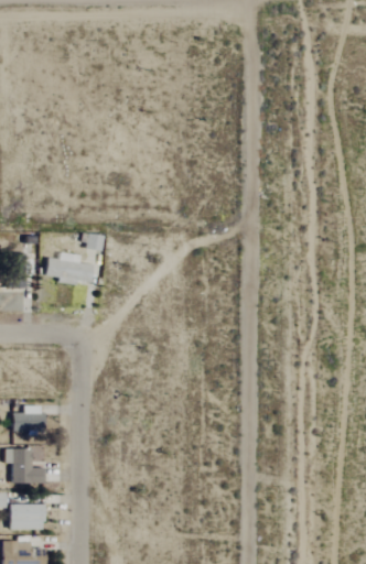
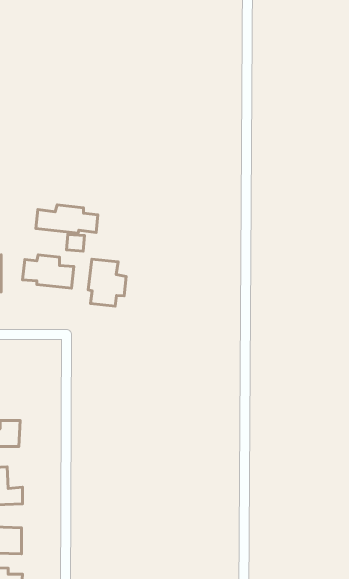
building: none -> [36,205,98,233]
building: none -> [88,259,126,306]

